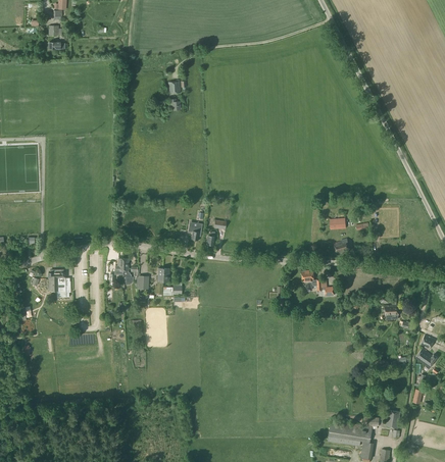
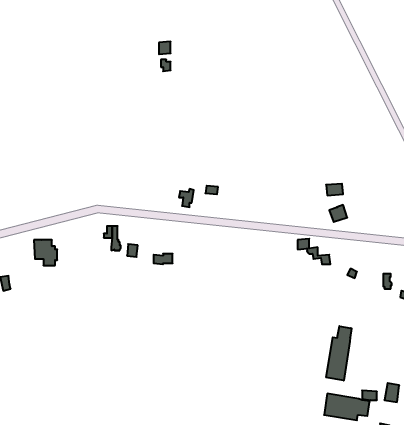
building: none -> [326,326,352,381]

